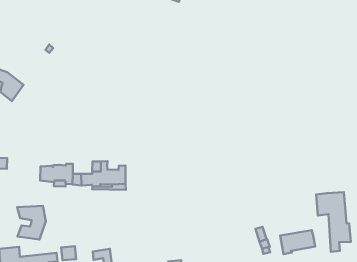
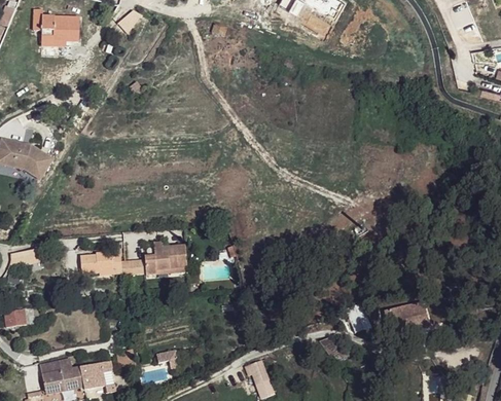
building: [316,192,351,252] -> none
building: [17,206,46,240] -> none

